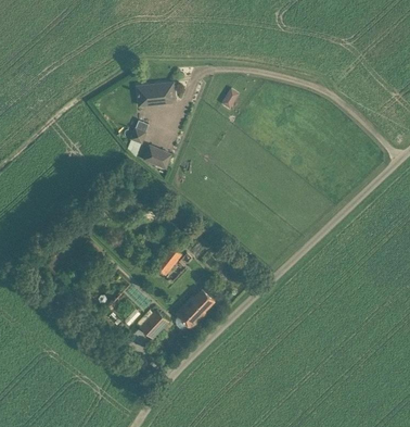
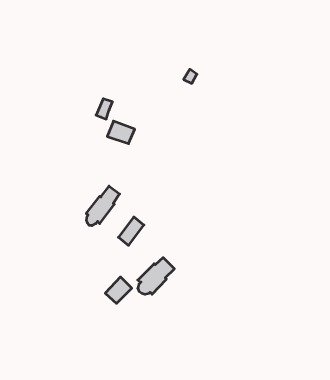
building: [136,83,175,105] -> none
building: none -> [86,186,120,226]

